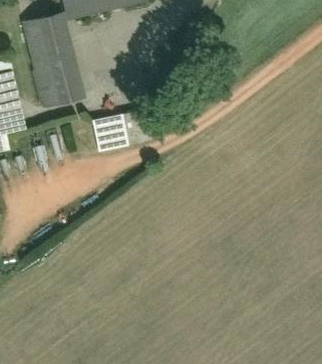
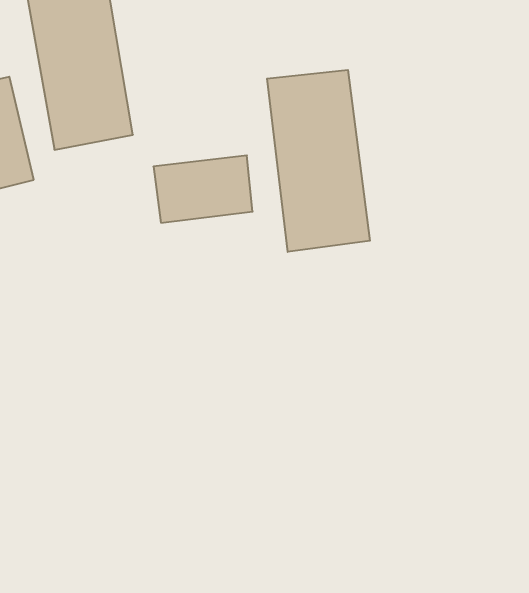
building: none -> [267,70,370,252]

